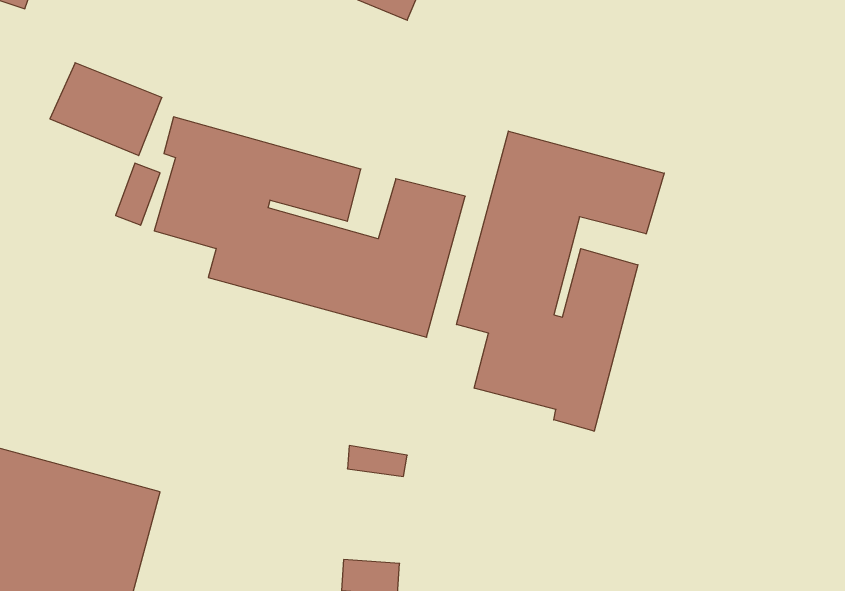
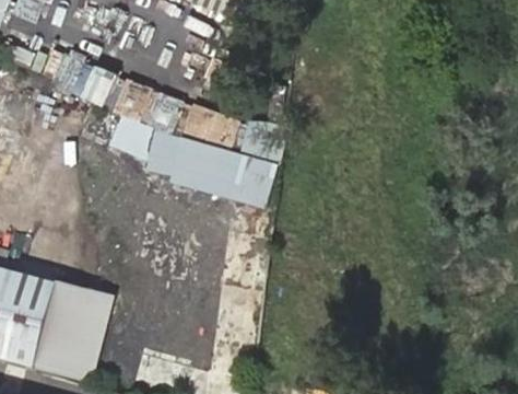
building: [457,131,664,431] -> none

